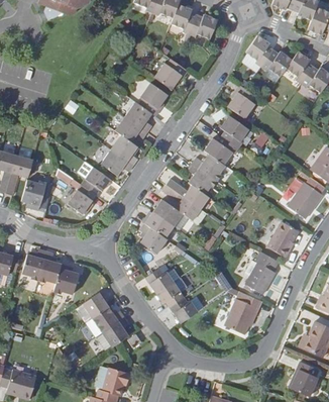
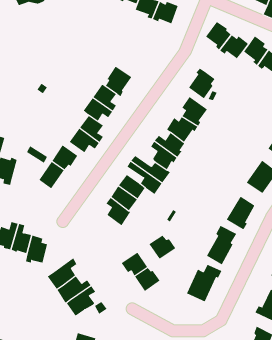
building: [154,59,187,89] -> none
building: [144,267,174,293] -> [149,235,176,259]

